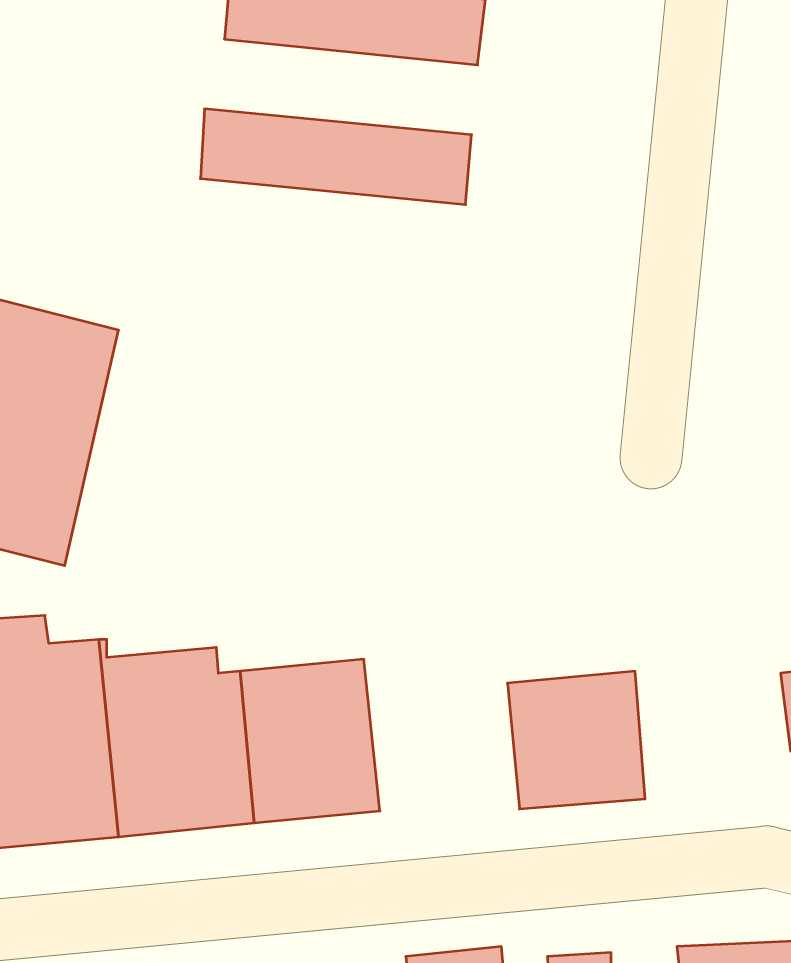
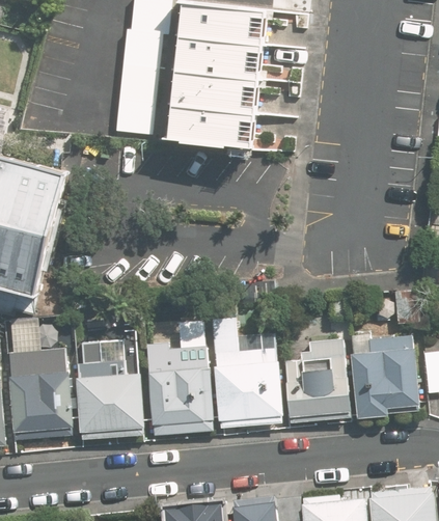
building: none -> [125,23,267,73]
building: none -> [119,95,260,143]
building: none -> [208,319,289,431]
building: none -> [349,332,423,418]

